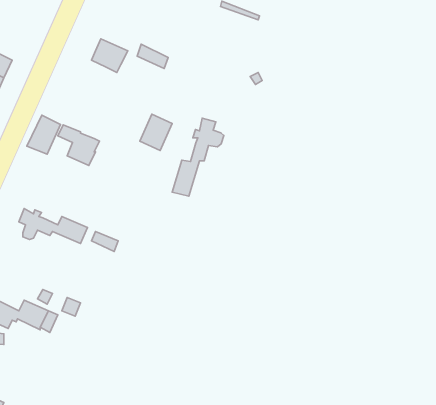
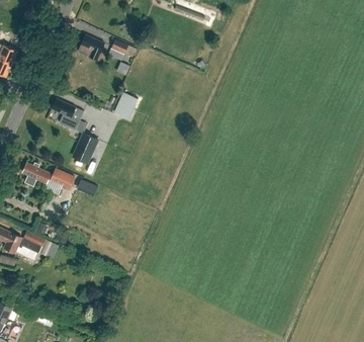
building: [27,115,61,154] -> [72,134,97,163]
building: [172,118,224,196] -> none

